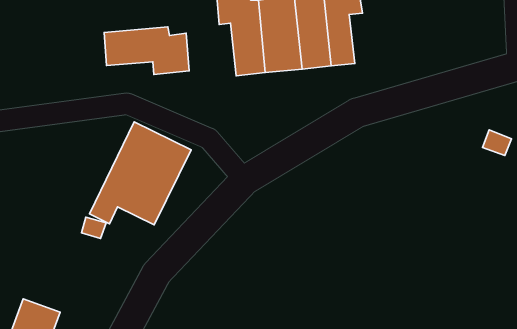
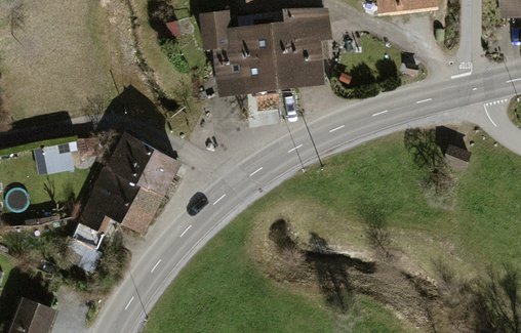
building: [104,27,189,75] -> none

